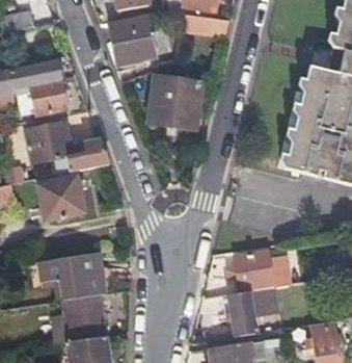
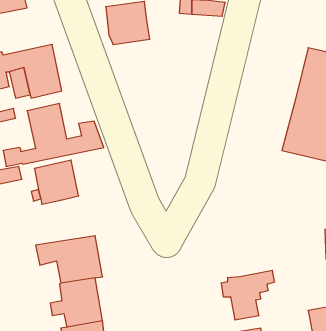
building: [150,75,193,127] -> none
building: [236,251,290,292] -> none

